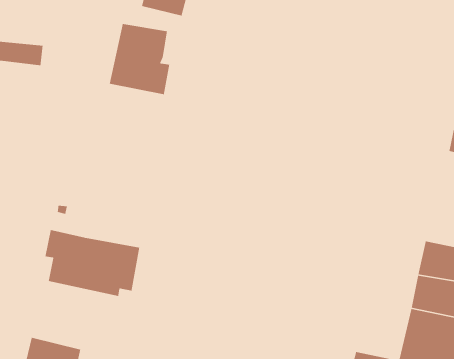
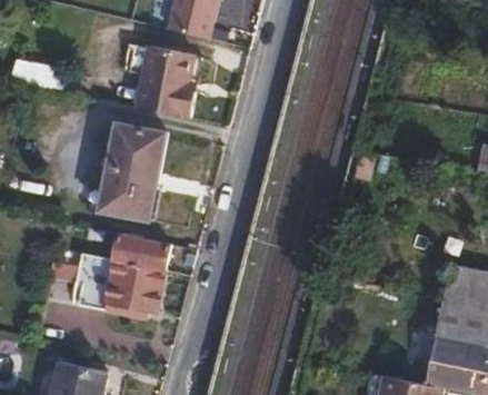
building: none -> [99,122,167,221]
building: none -> [112,235,172,270]

